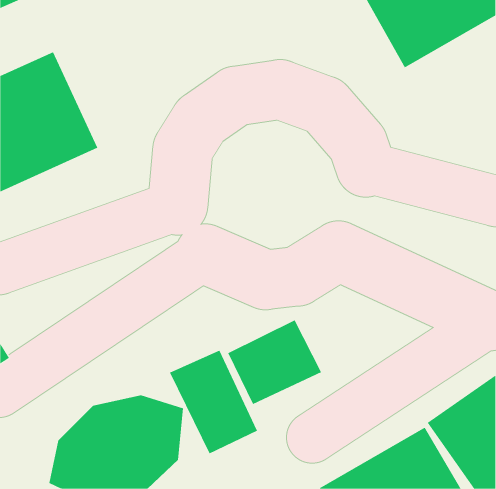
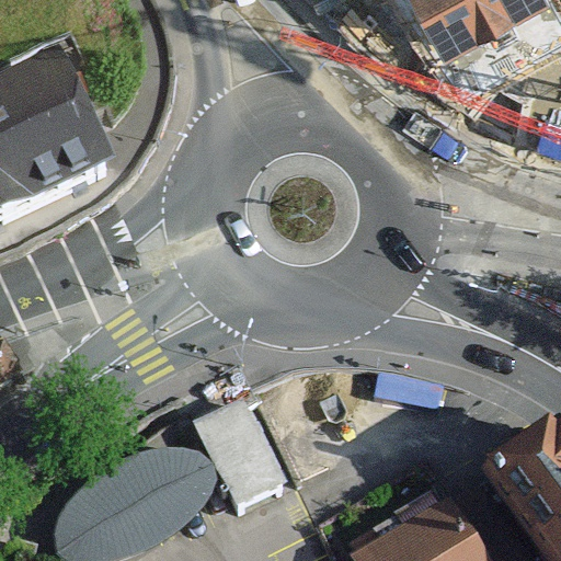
building: [228,320,322,405] -> none

